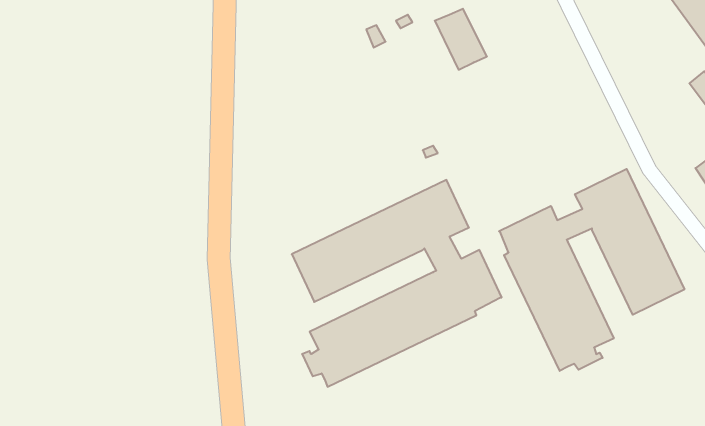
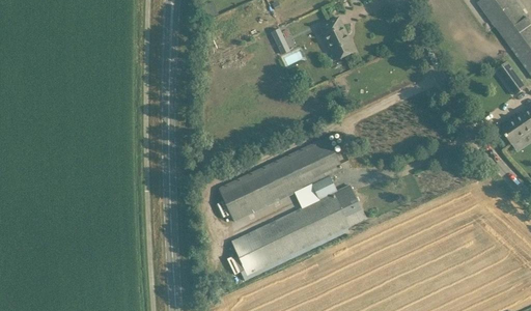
building: [499,169,684,371] -> none

